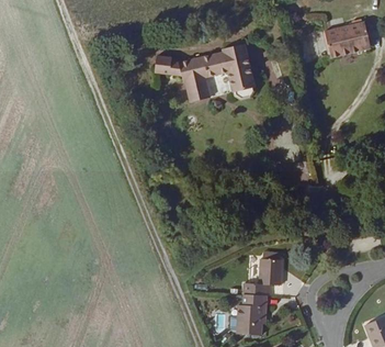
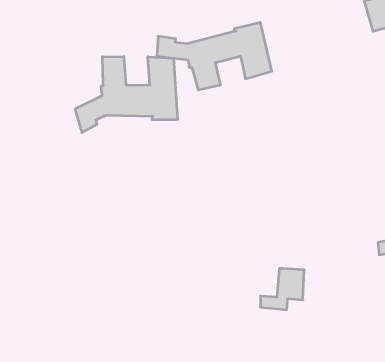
building: none -> [75,56,177,133]
building: [234,294,270,337] -> none

